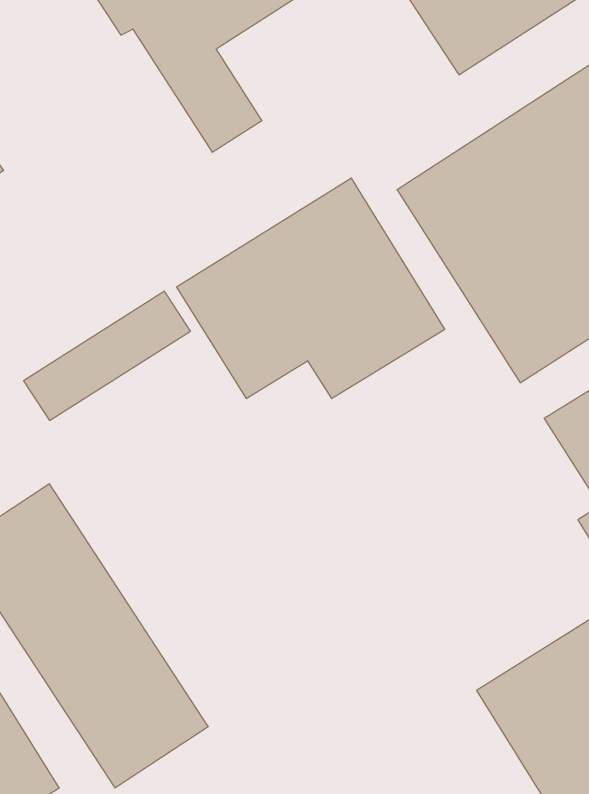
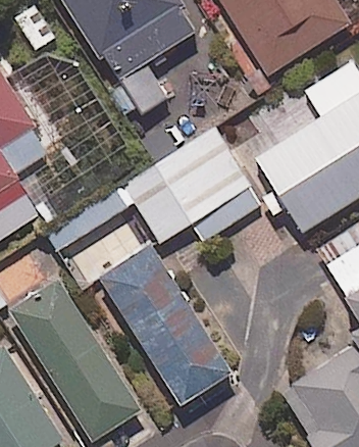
building: none -> [99,246,232,406]

